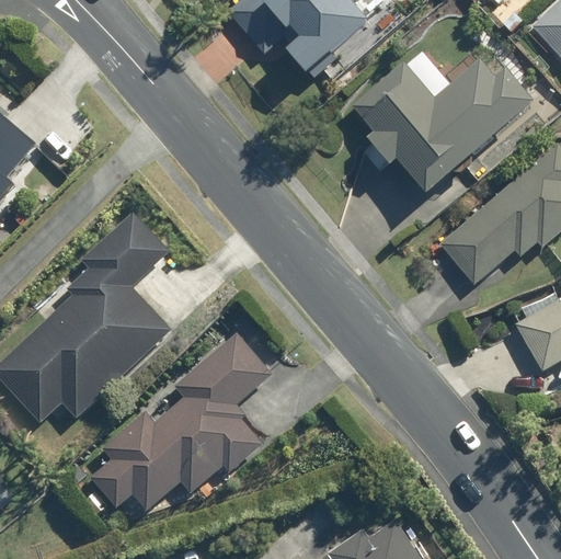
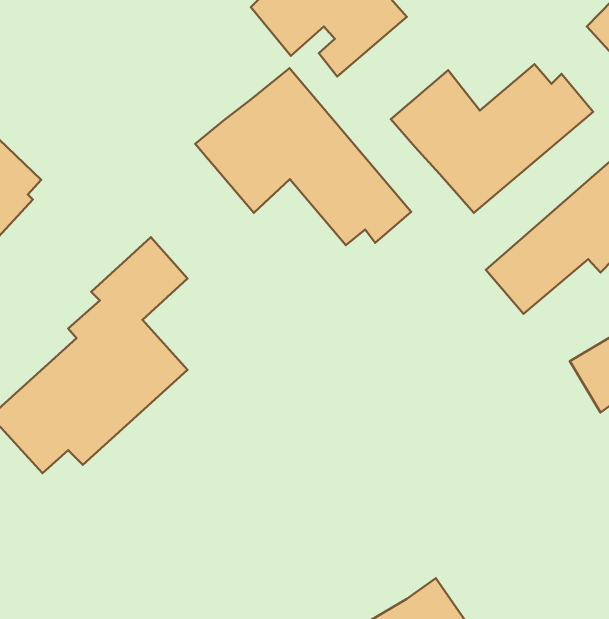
building: none -> [195,68,411,245]
building: [92,339,263,504] -> none

